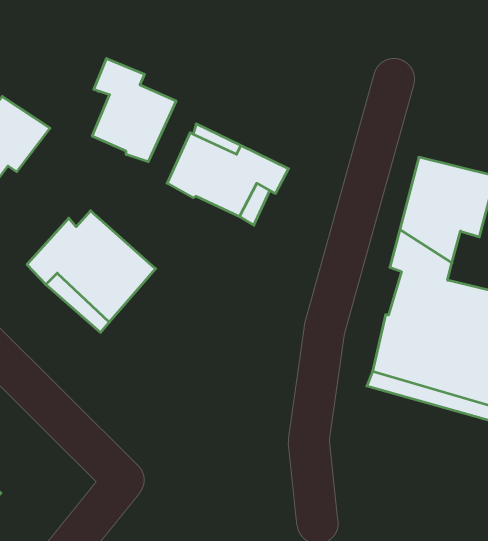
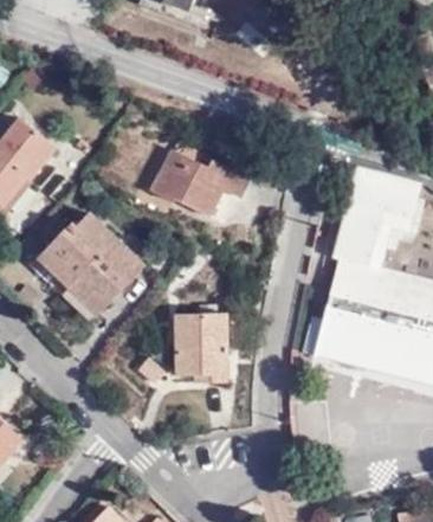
building: [92,58,176,162] -> none
building: none -> [176,314,231,385]

